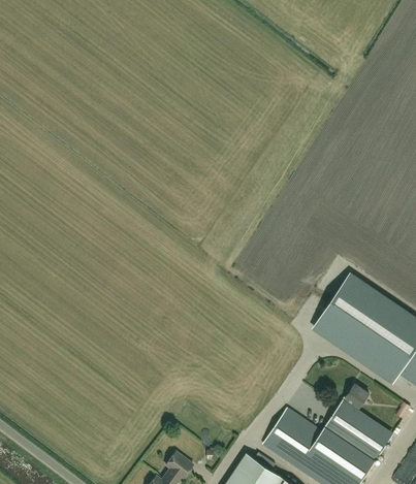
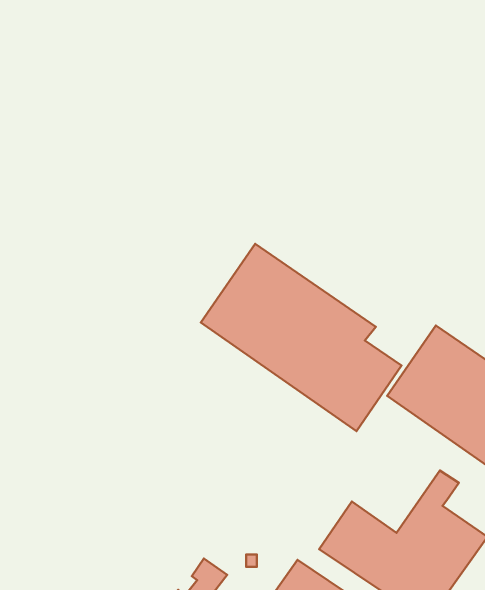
building: none -> [201,244,401,431]

